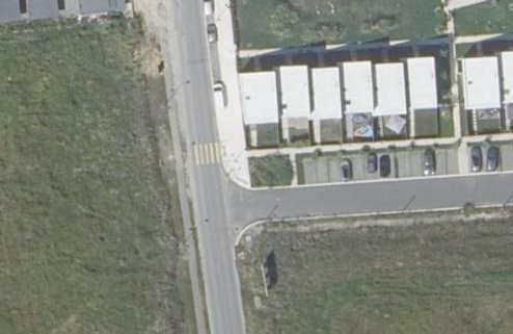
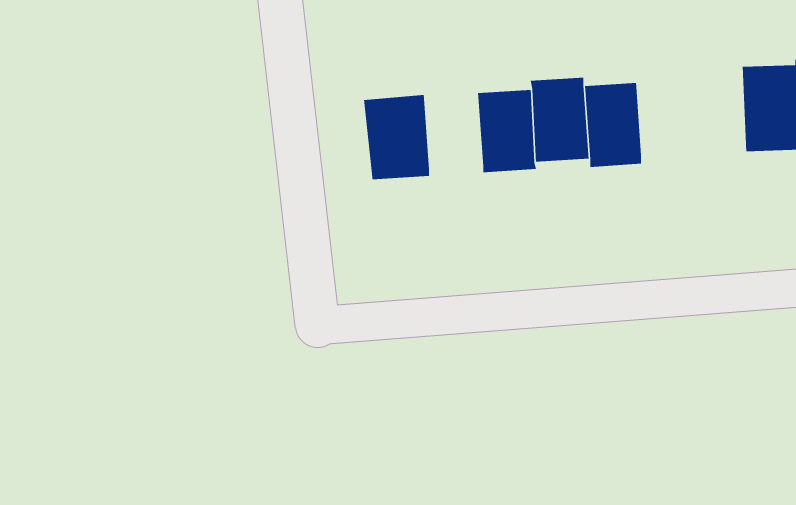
building: [402,59,436,109] -> none
building: [276,67,310,118] -> none

